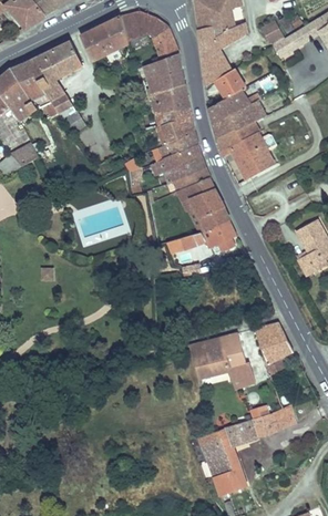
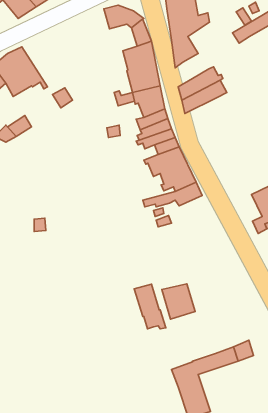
building: [81,17,129,60] -> none
building: [27,41,81,111] -> none
building: [214,69,244,99] -> none
building: [216,121,275,179] -> none
building: [255,322,293,373] -> none
building: [218,332,255,384] -> [134,284,166,329]

